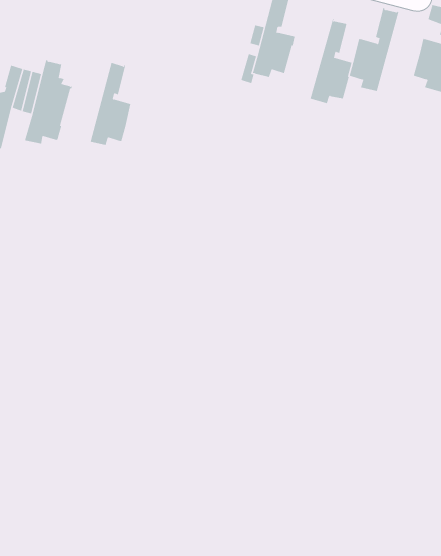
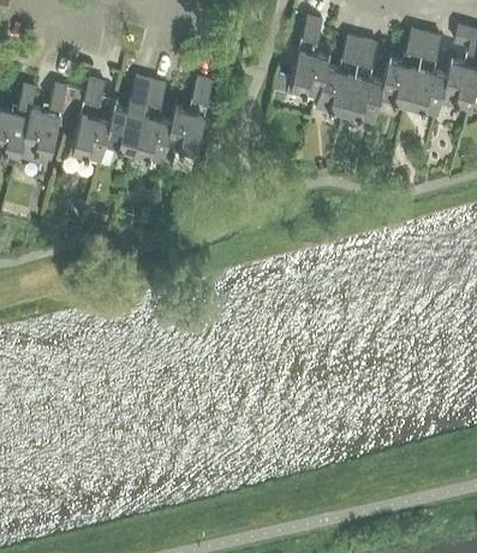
building: none -> [407,31,447,115]
building: none -> [314,34,364,114]
building: none -> [105,75,153,155]
building: none -> [167,76,214,156]

